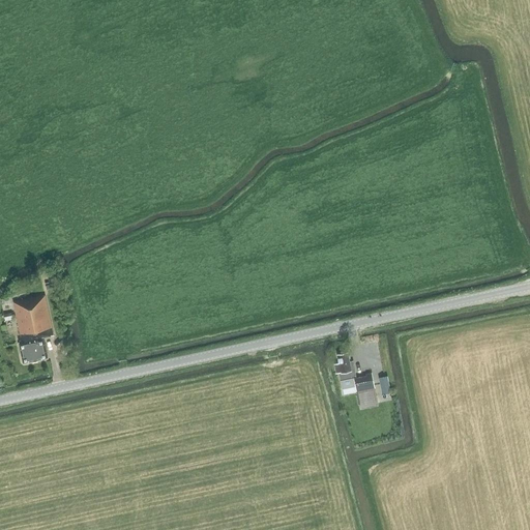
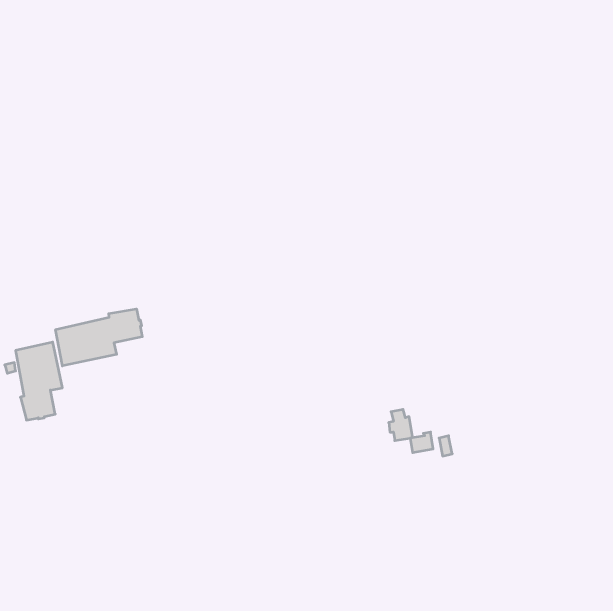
building: none -> [56,309,142,366]

